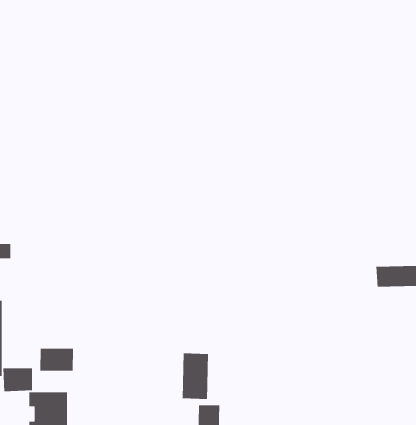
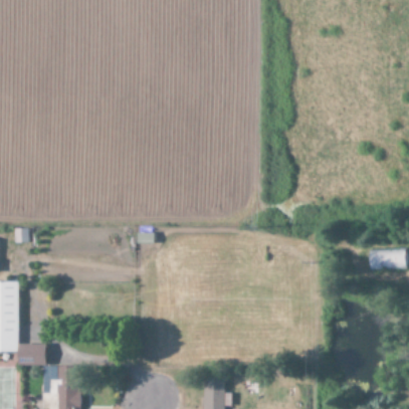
building: [40,348,73,371] -> none
building: [182,352,208,400] -> none

